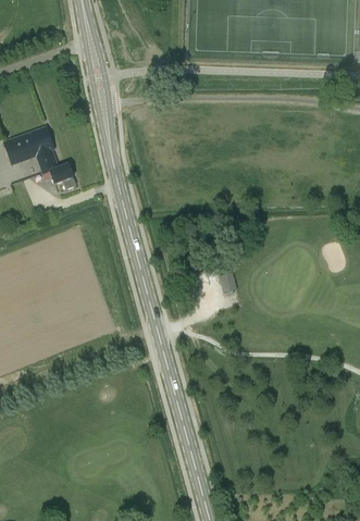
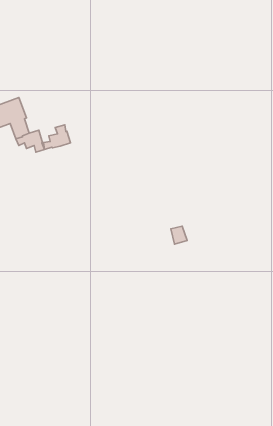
building: none -> [43,125,71,149]

